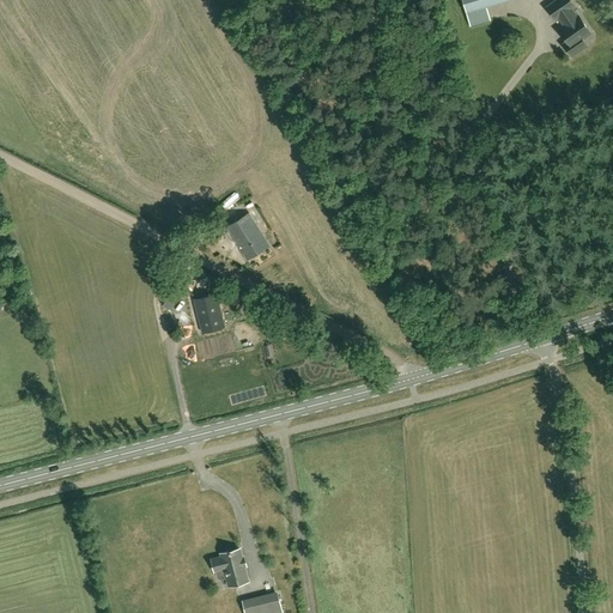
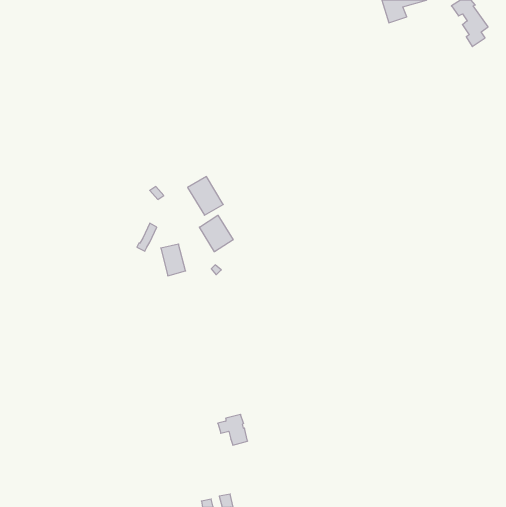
building: none -> [199,215,233,252]
building: [211,548,247,585] -> [218,414,248,445]

